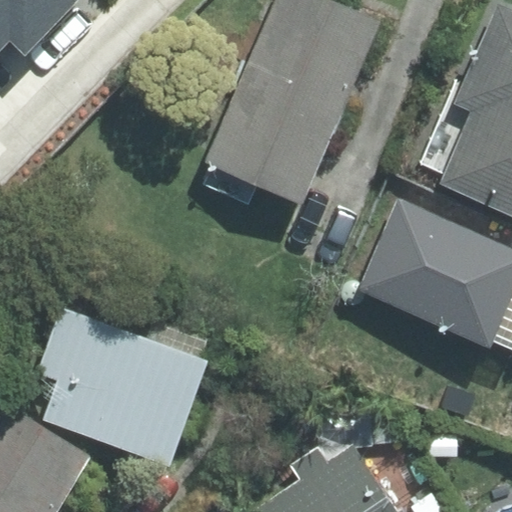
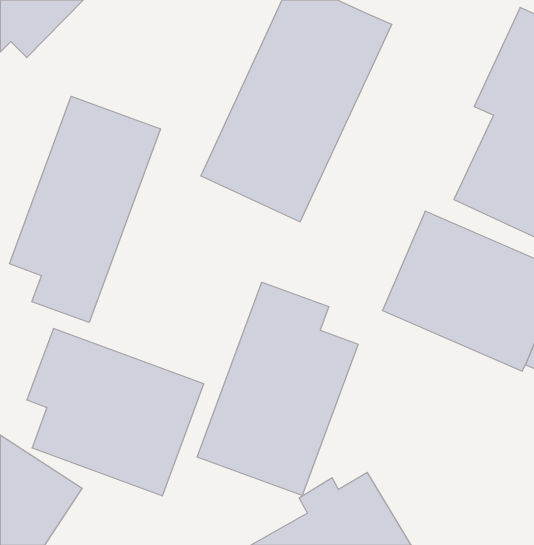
building: none -> [9,96,161,322]
building: none -> [197,282,358,495]

